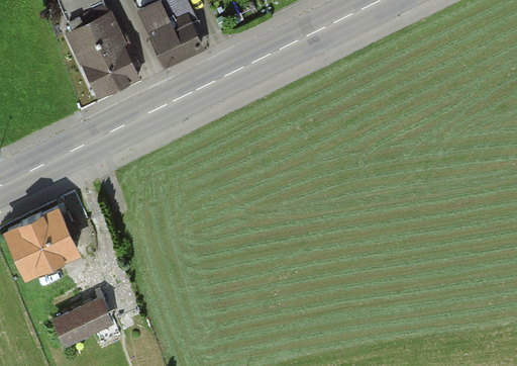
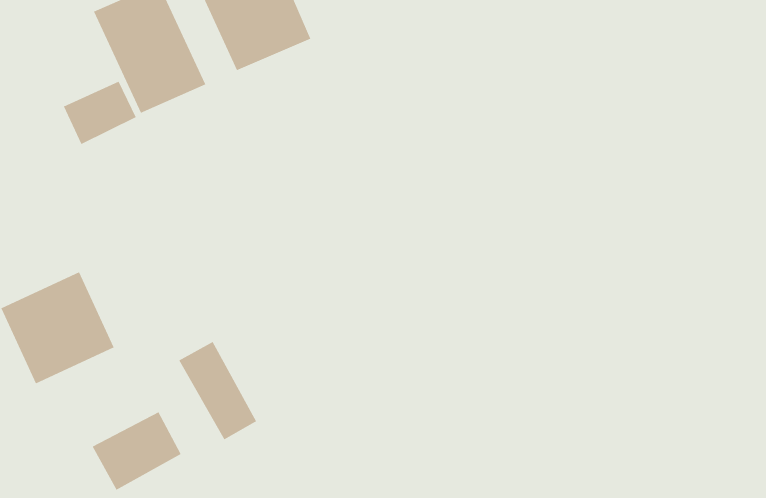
building: none -> [63,81,136,145]
building: none -> [178,341,257,440]

